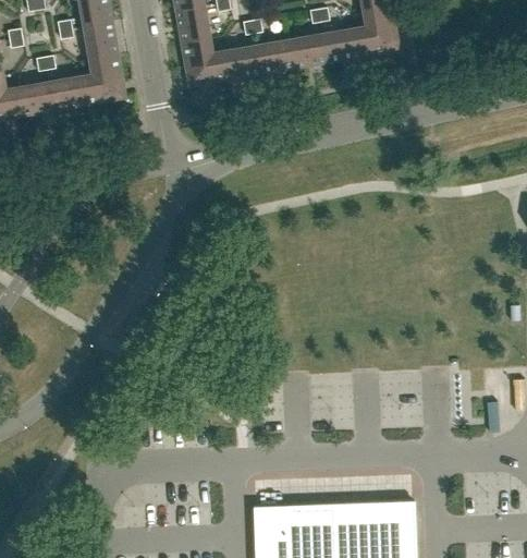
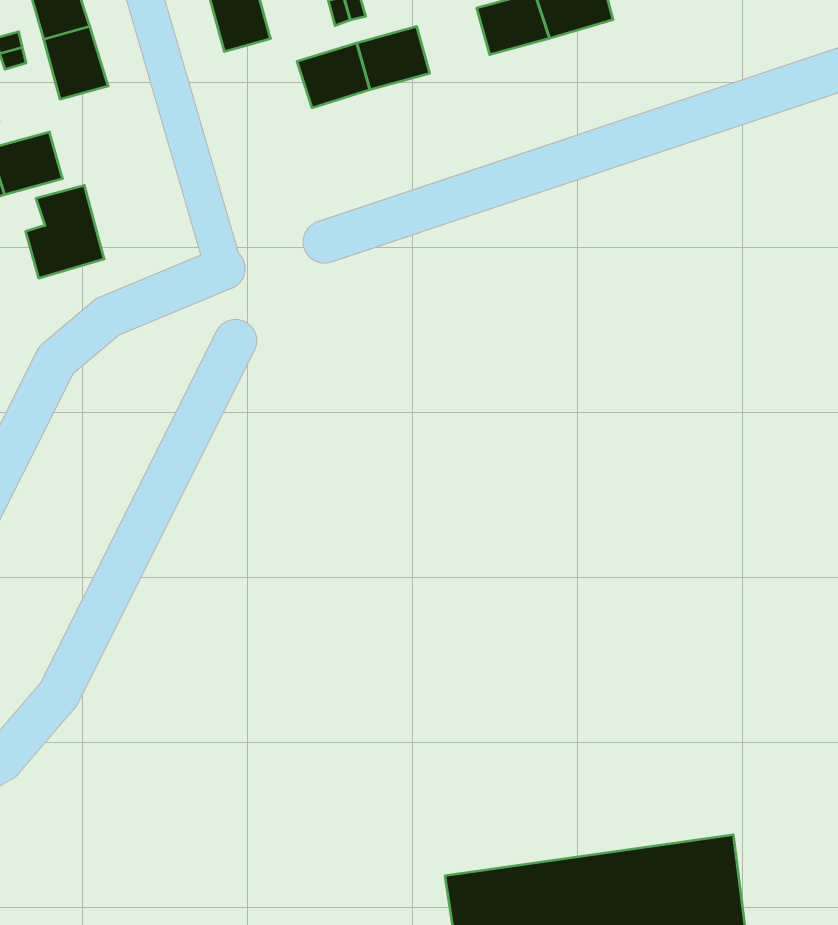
building: [289,33,327,65] -> none
building: [182,37,226,83] -> none
building: [82,53,123,101] -> [26,185,104,278]

